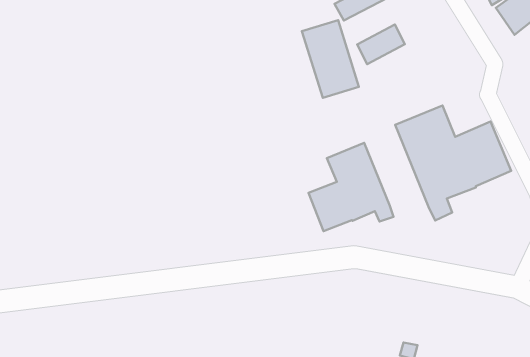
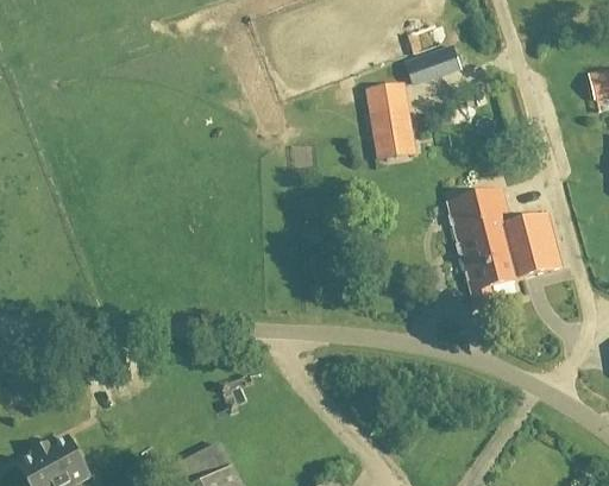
building: [357,25,405,64] -> none
building: [308,143,394,231] -> none

